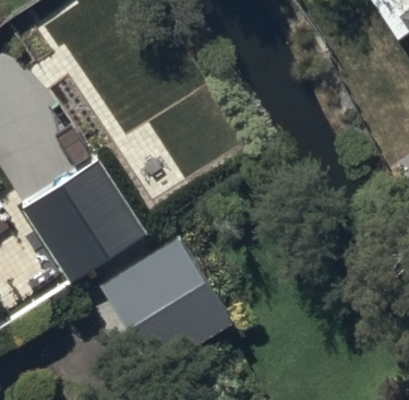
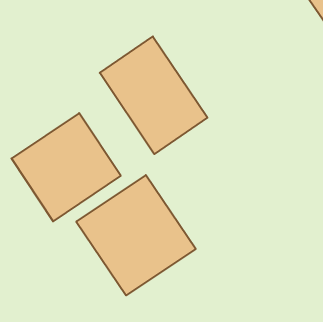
building: none -> [100,36,207,154]

